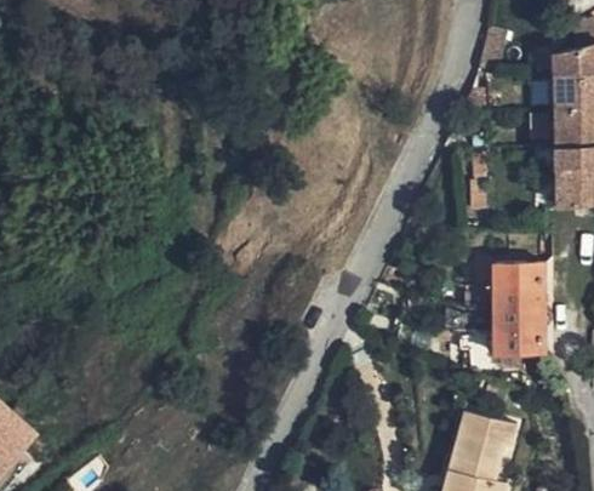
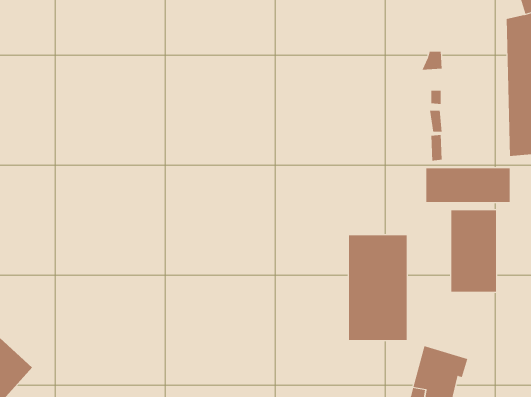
building: none -> [426,168,510,203]
building: none -> [348,234,407,341]

